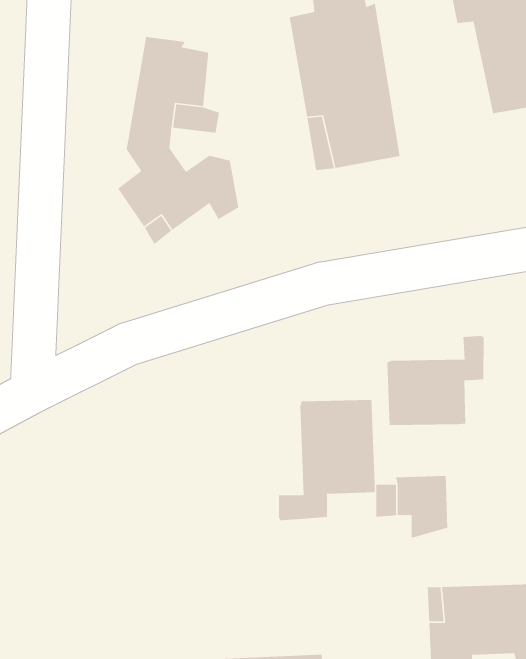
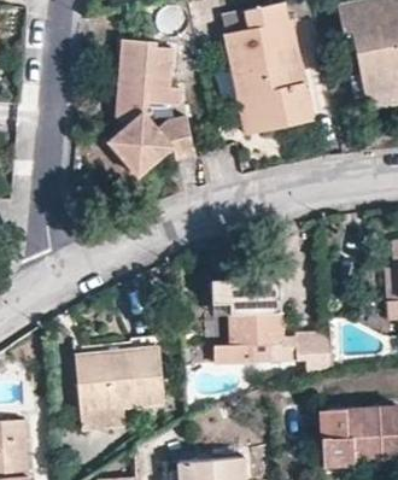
building: [387,335,485,426] -> none
building: none -> [76,349,165,412]

